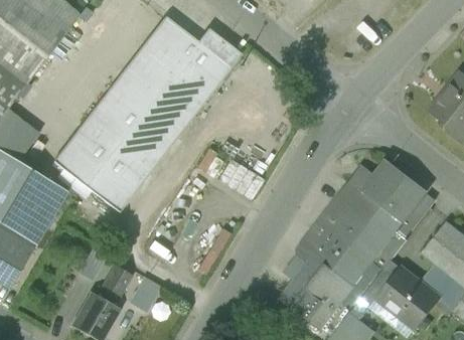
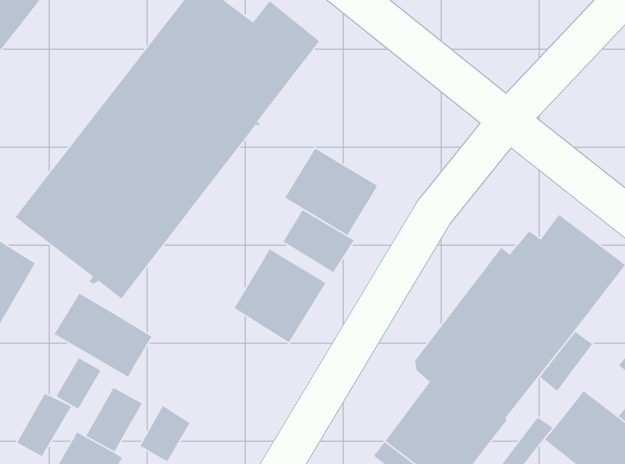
building: none -> [284,147,378,236]
building: none -> [233,248,327,343]
building: none -> [53,292,152,378]
building: none -> [16,393,72,457]

